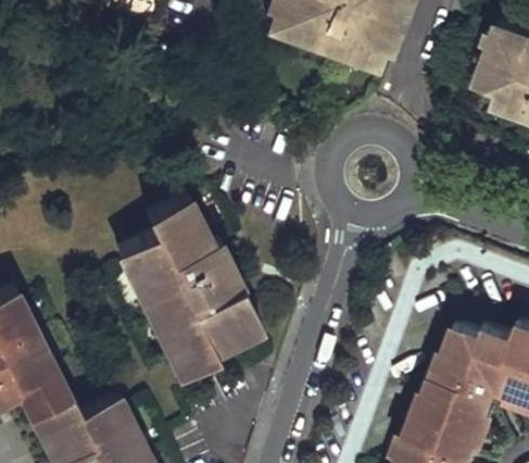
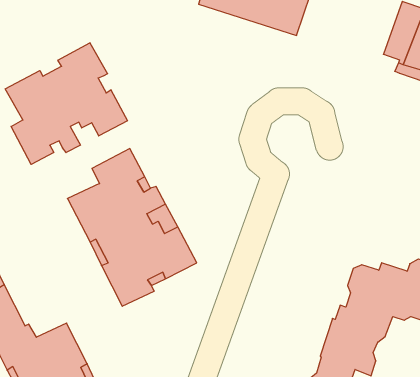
building: none -> [5,43,127,164]

